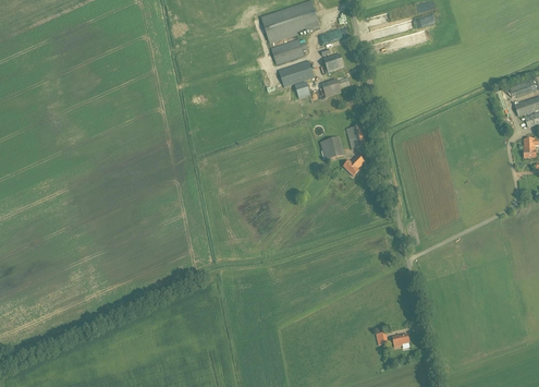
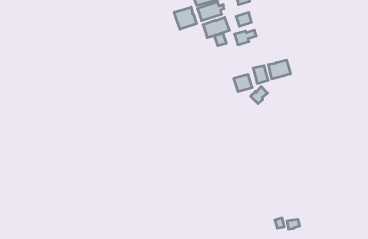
building: none -> [174,7,196,29]
building: none -> [268,60,290,79]

